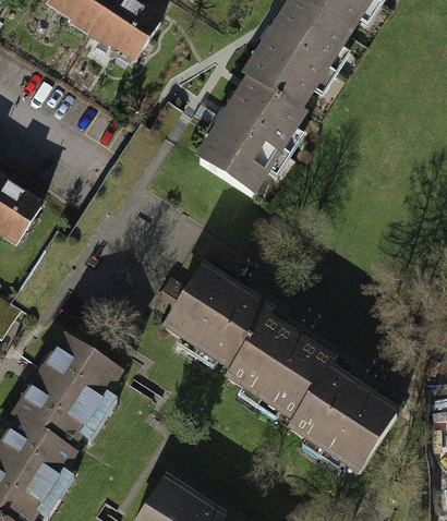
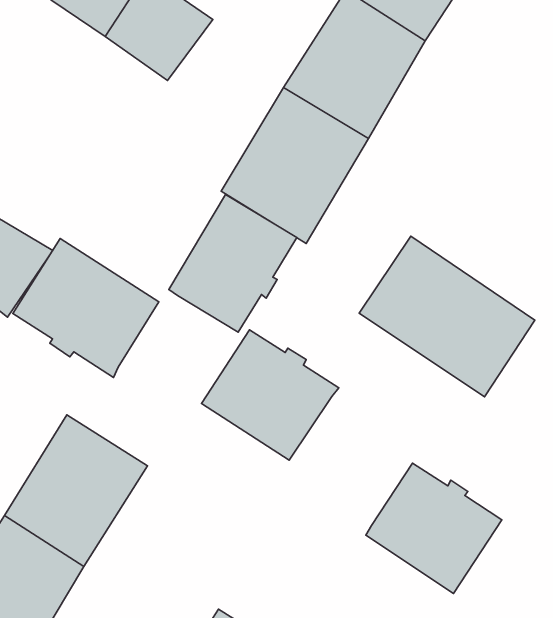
building: none -> [169,194,297,332]
building: none -> [359,236,535,397]
building: none -> [13,239,159,377]
building: [230,319,335,419] -> none

